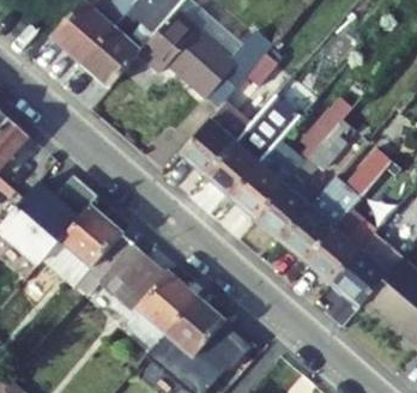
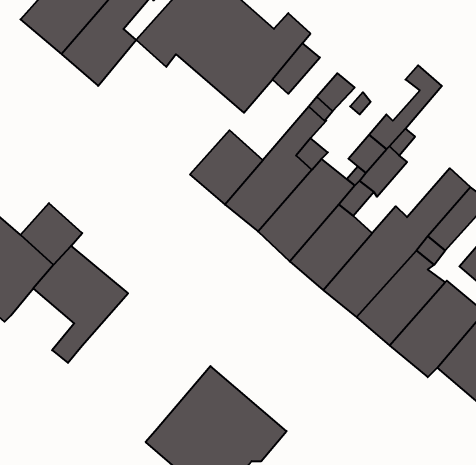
building: [44,240,92,286] -> none
building: [98,243,195,347] -> none

